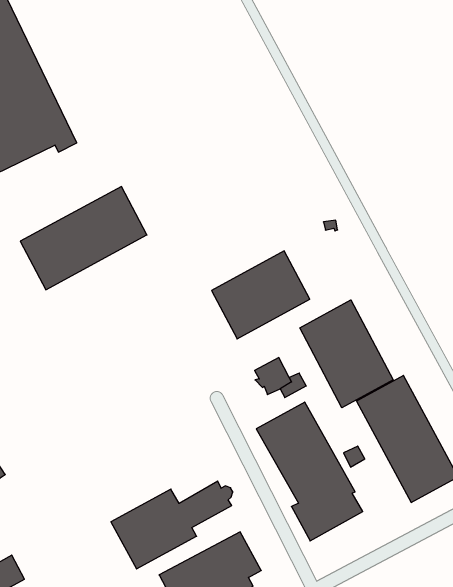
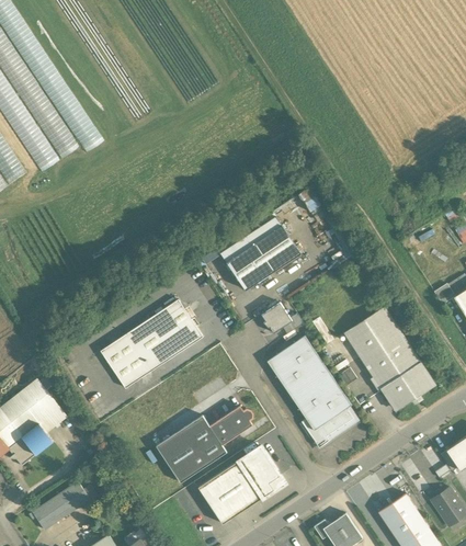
building: [20,187,147,290] -> [100,300,202,389]
building: [300,300,393,408] -> none

